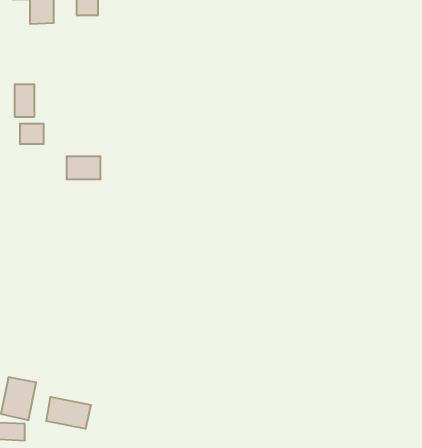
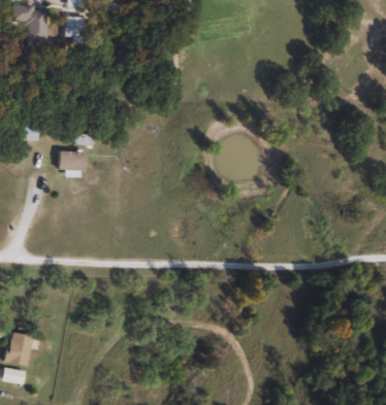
building: [15,84,34,117] -> none
building: [46,397,91,429] -> none

